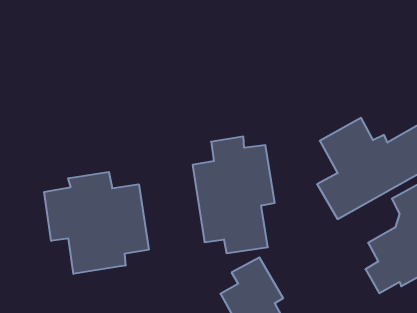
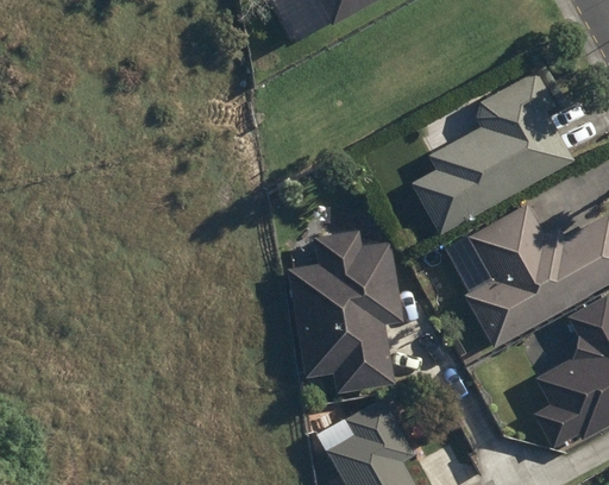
building: none -> [410,74,572,232]
building: [44,172,149,274] -> none

